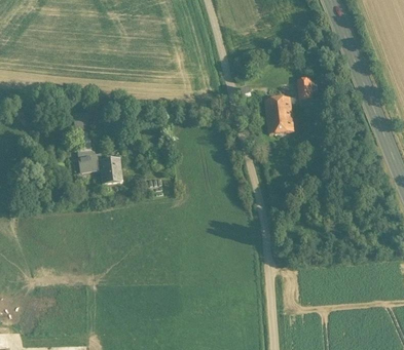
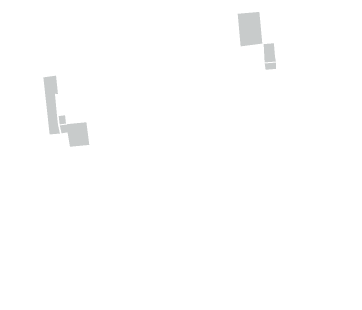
building: [266,98,293,133] -> [237,11,263,47]

